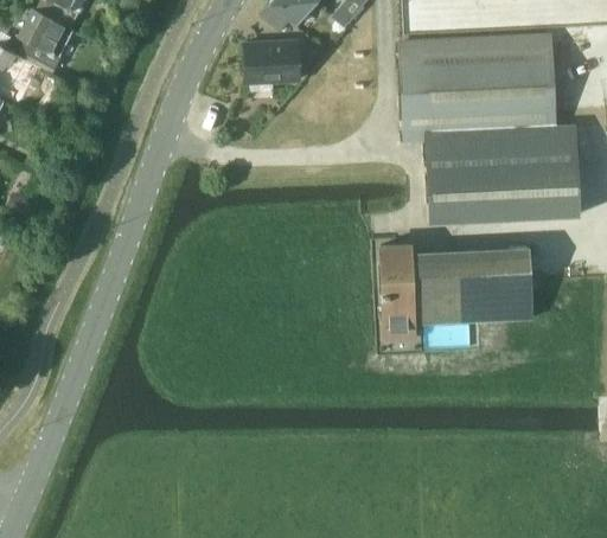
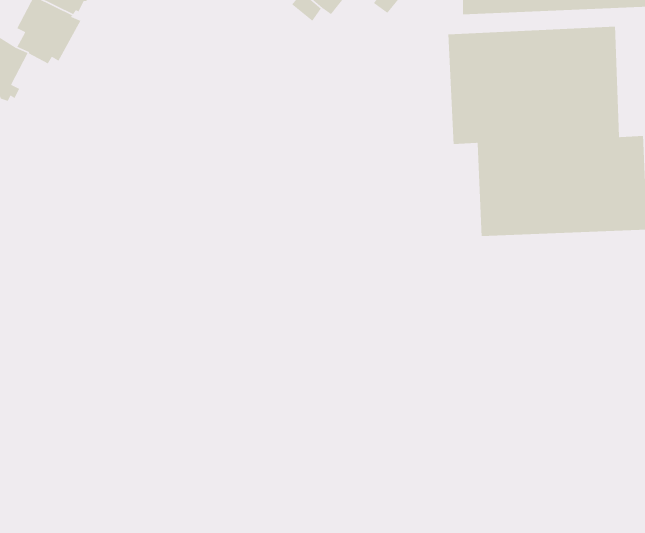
building: [243,40,299,81] -> none
building: [379,243,532,339] -> none

